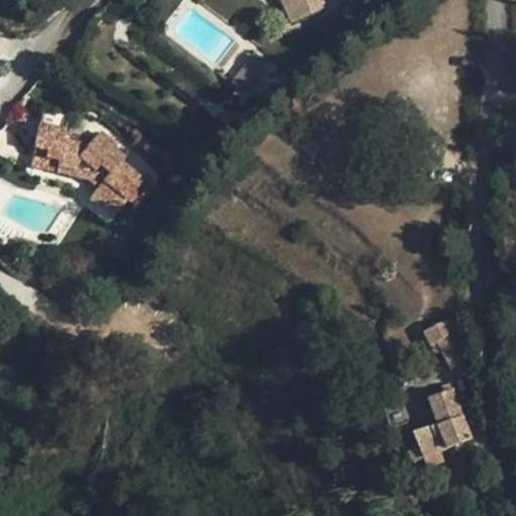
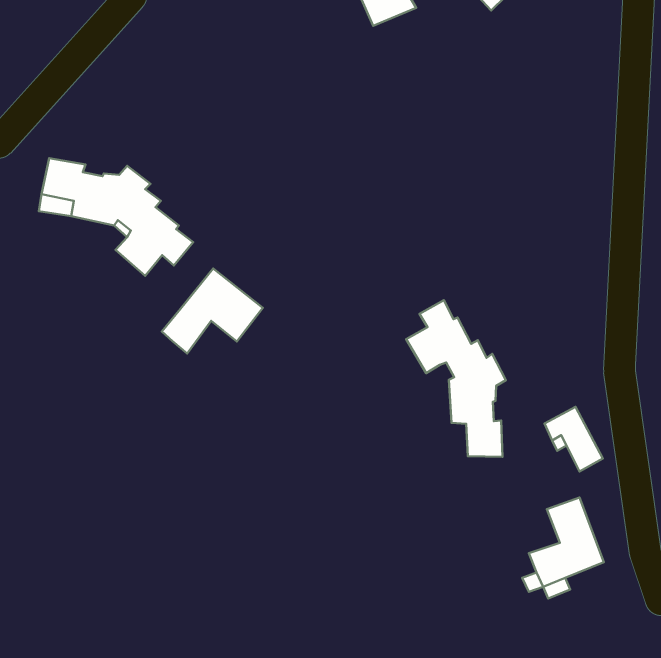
building: none -> [162,269,263,353]
building: none -> [406,300,506,457]

